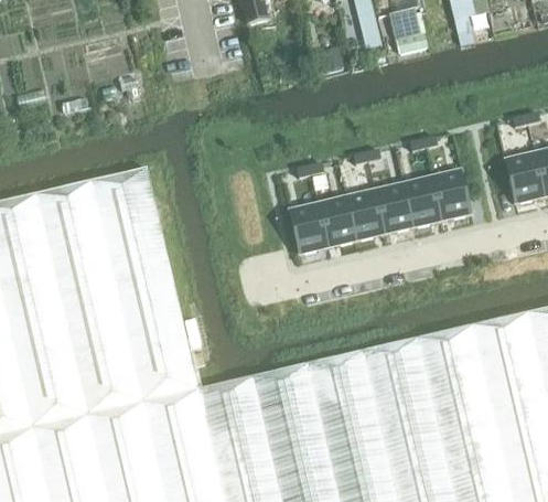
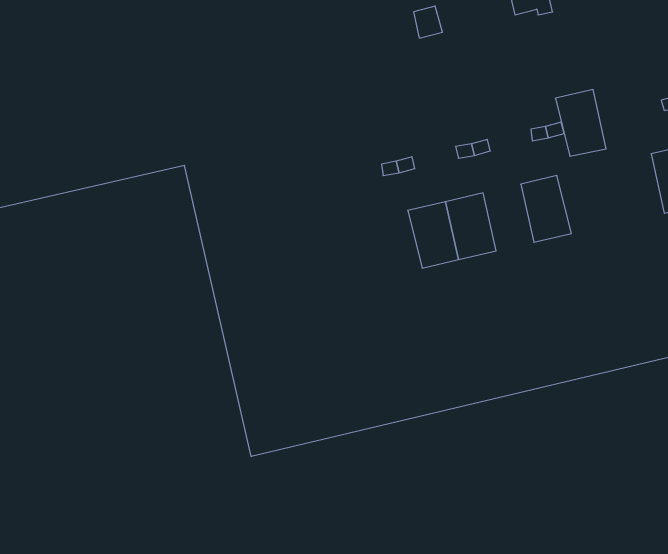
building: [431,170,470,221] -> [555,89,606,156]
building: [375,183,413,234] -> none
building: [290,203,329,254] -> none

